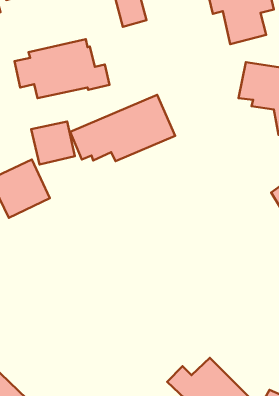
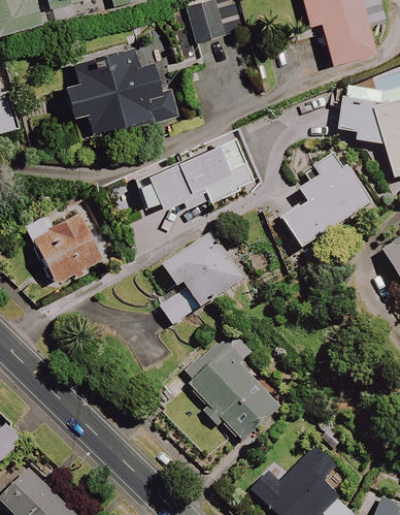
building: none -> [284,157,373,250]
building: [31,121,75,164] -> none
building: none -> [160,232,245,327]
building: none -> [181,341,282,443]

